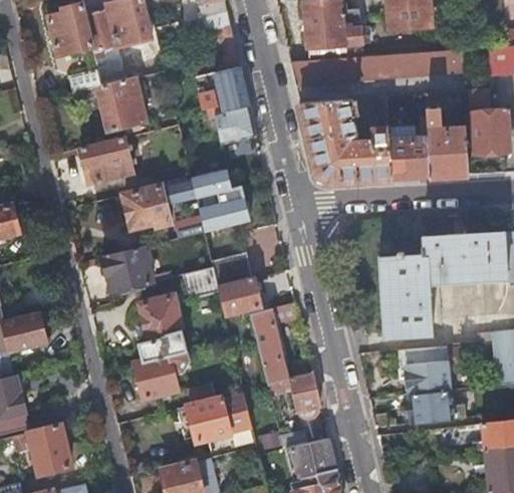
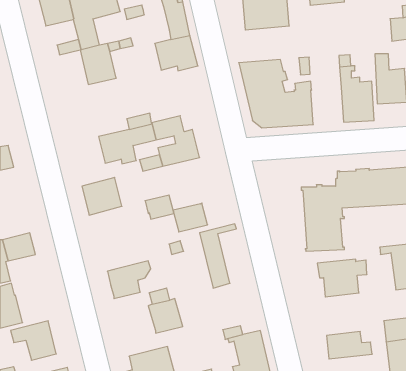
building: [290,49,464,87] -> none
building: [203,106,256,145] -> none
building: [391,129,432,180] -> none
building: [81,139,134,183] -> none
building: [212,253,252,287] -> none
building: [139,296,187,361] -> none
building: [268,373,319,413] -> none
building: [409,391,466,425] -> [327,332,372,359]
building: [220,392,252,433] -> none

